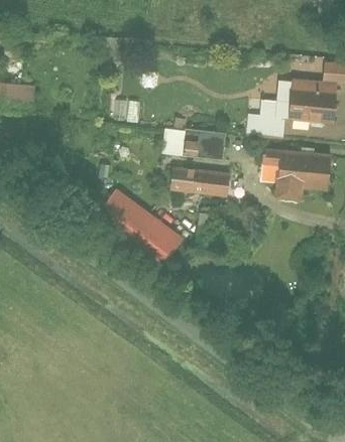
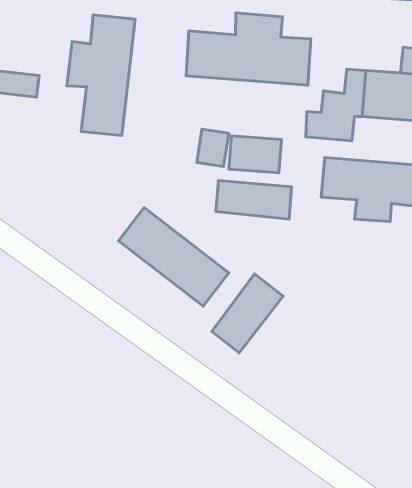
building: none -> [186,13,311,85]
building: none -> [67,15,135,136]
building: none -> [212,274,283,353]

